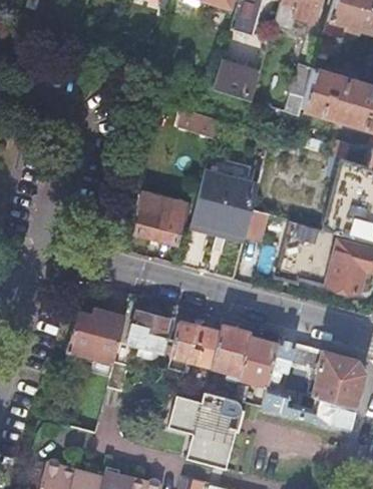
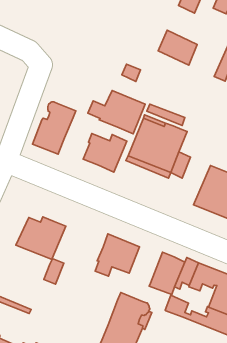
building: none -> [88,90,145,134]
building: none -> [33,102,76,154]
building: [127,312,170,354] -> none
building: [211,324,250,375] -> none
building: [167,395,201,433] -> none

